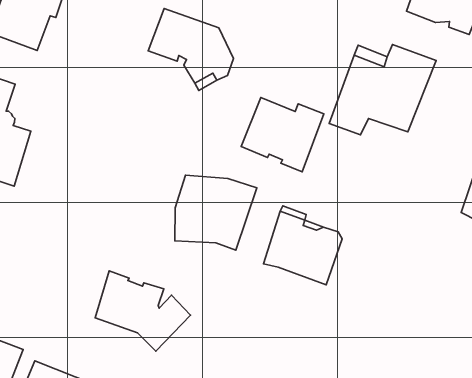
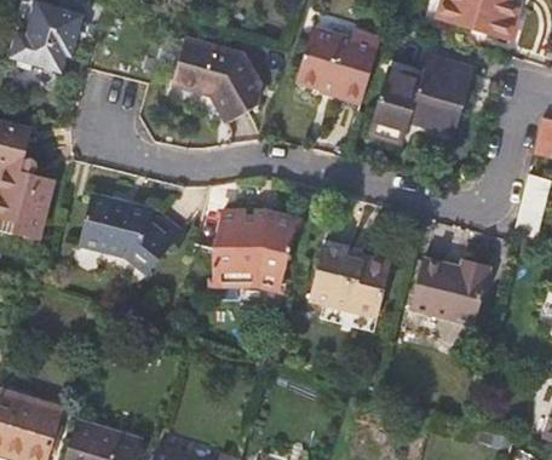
building: [241,97,324,172] -> [294,27,379,102]
building: none -> [409,258,489,324]
building: [95,271,191,351] -> [80,192,180,274]

